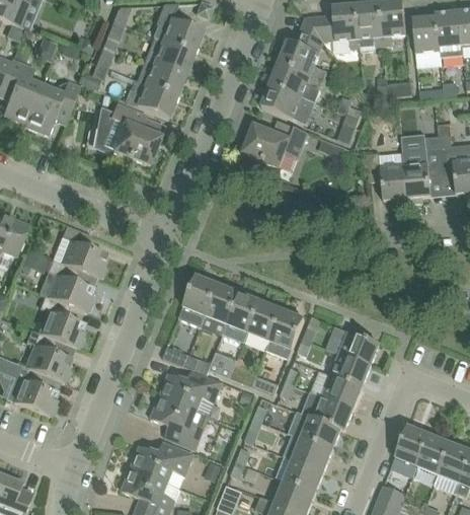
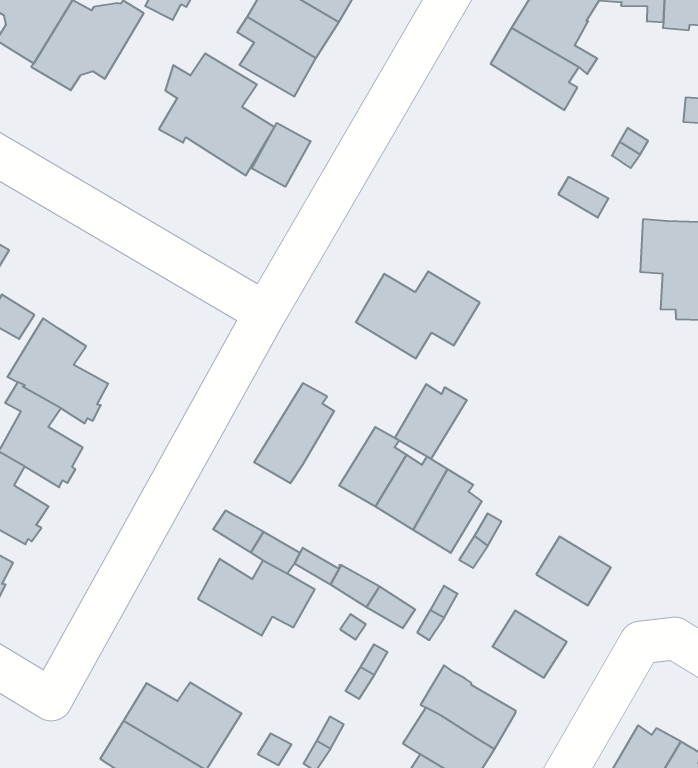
building: [261,84,314,124] -> none
building: [243,120,308,167] -> [356,271,480,358]
building: none -> [252,123,311,187]
building: [53,225,106,278] -> none
building: [205,284,240,323] -> [395,384,467,459]
building: [331,354,370,387] -> none
building: [304,392,352,431] -> none
building: [151,396,204,449] -> none

